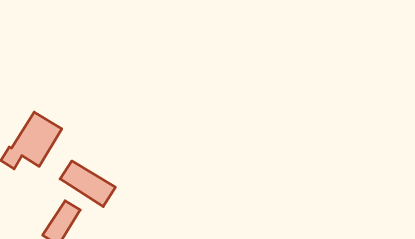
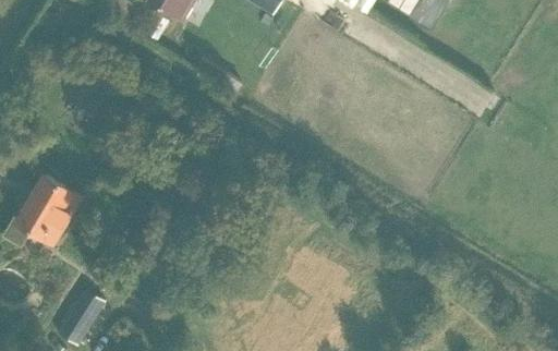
building: [60,161,115,207] -> none

